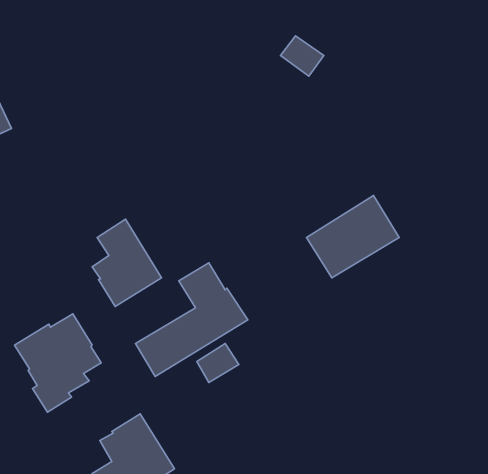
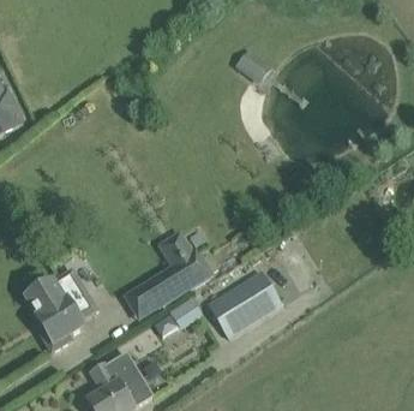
building: [306,196,399,278] -> [206,270,281,336]
building: [92,219,161,307] -> none

